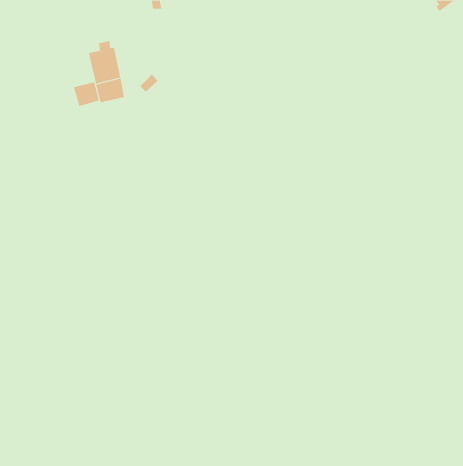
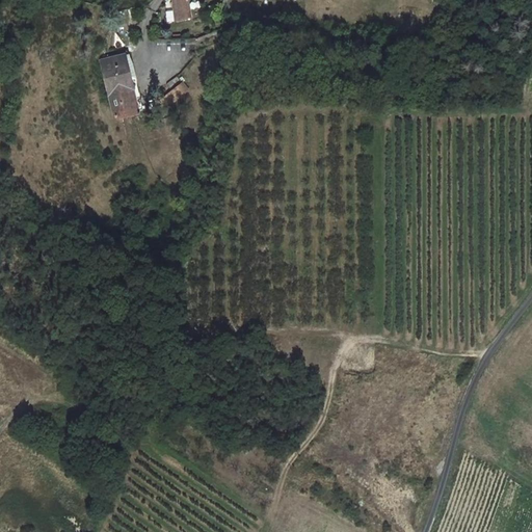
building: [73,82,99,107] -> none

